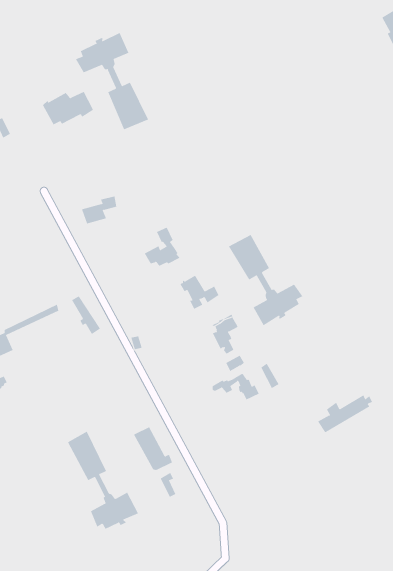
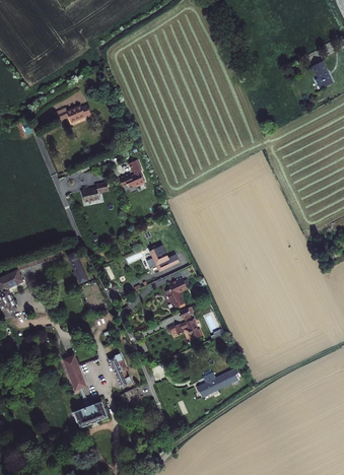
building: [75,32,149,130] -> none
building: [144,227,180,266] -> [118,160,144,189]
building: [228,234,303,326] -> none
building: [317,394,373,433] -> [197,369,238,396]

